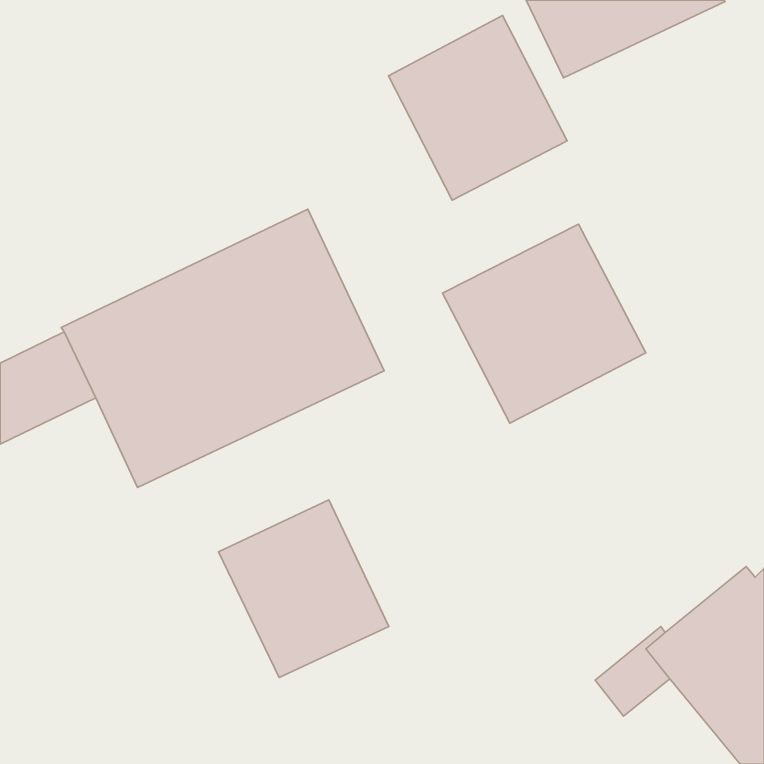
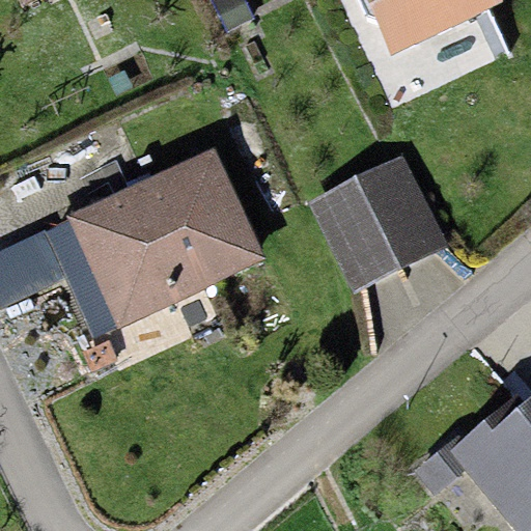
building: [388,15,567,200] -> none
building: [218,500,389,678] -> none

